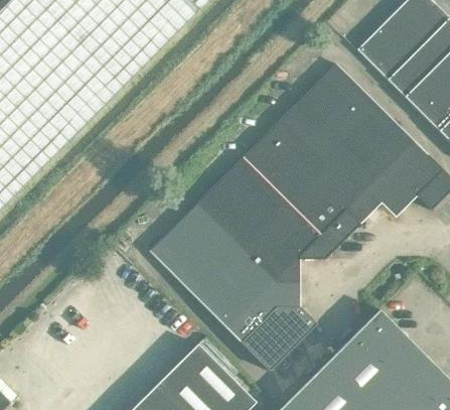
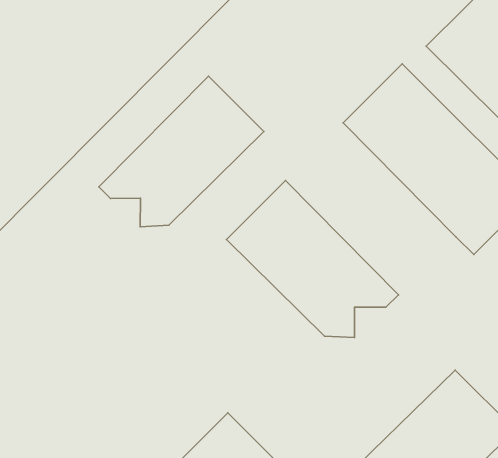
building: none -> [99,76,264,227]
building: [243,111,380,249] -> none
building: [149,204,316,371] -> none

